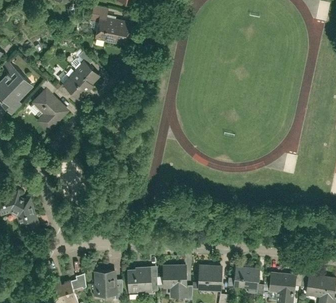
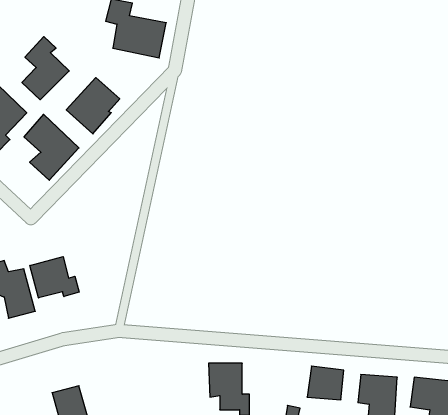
building: none -> [22,37,69,100]
building: none -> [30,257,79,298]
building: [198,265,222,292] -> none
building: [128,267,158,293] -> none
building: [93,271,117,296] -> none

